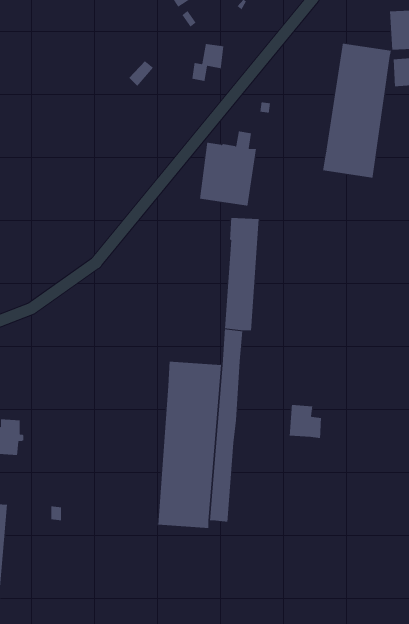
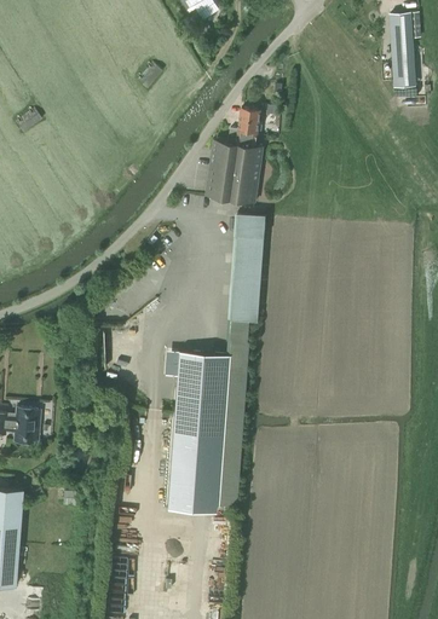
building: [322,43,392,179] -> none
building: [191,44,224,81] -> [227,109,259,145]
building: [289,404,322,439] -> none

